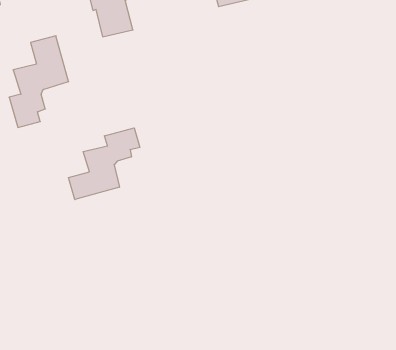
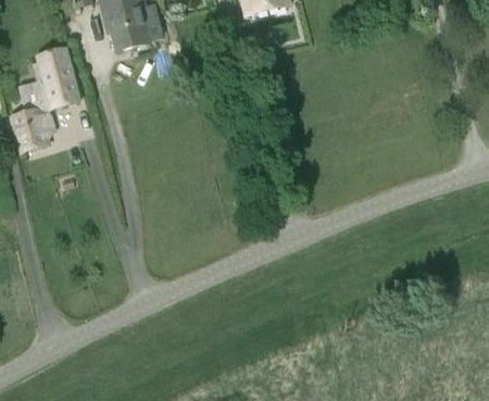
building: [69,128,140,200] -> none

